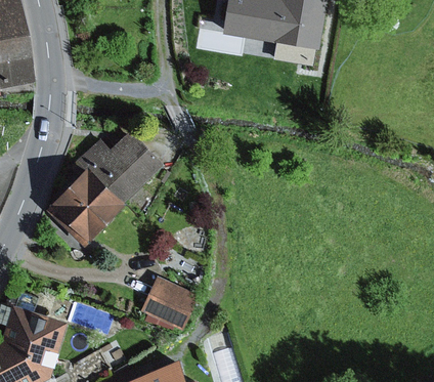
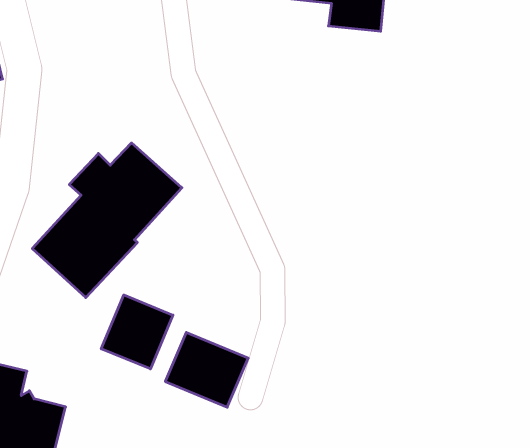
building: none -> [101,295,173,369]

